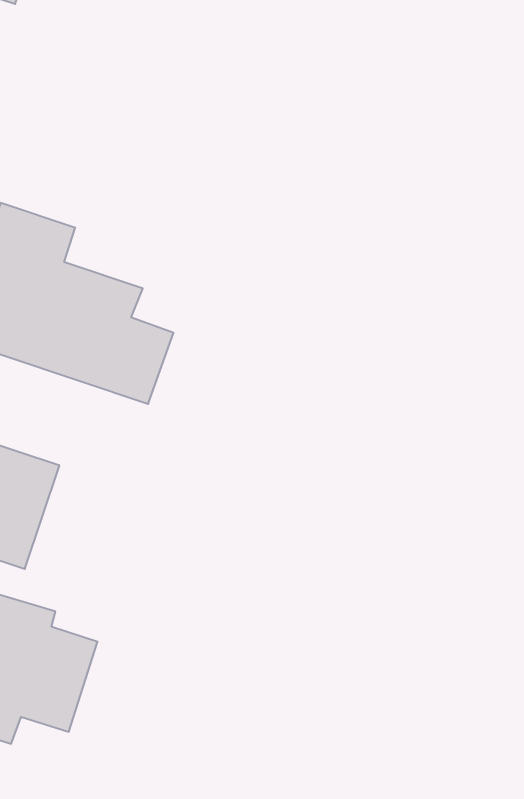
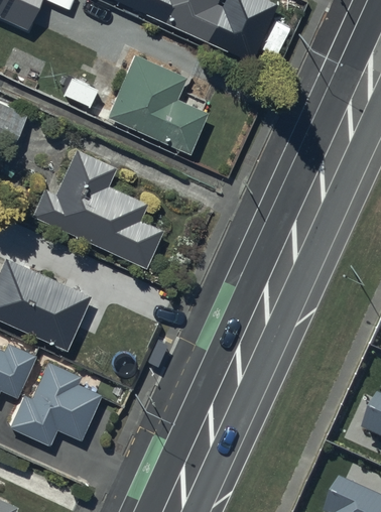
building: none -> [106,52,208,153]

